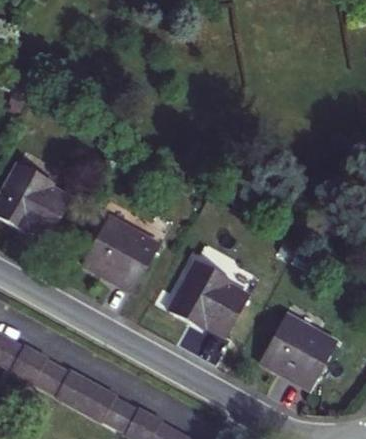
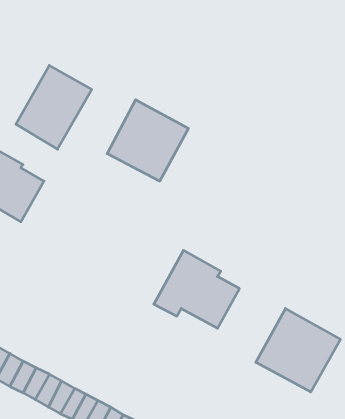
building: none -> [16,65,92,149]
building: [83,217,157,291] -> [107,100,188,181]

